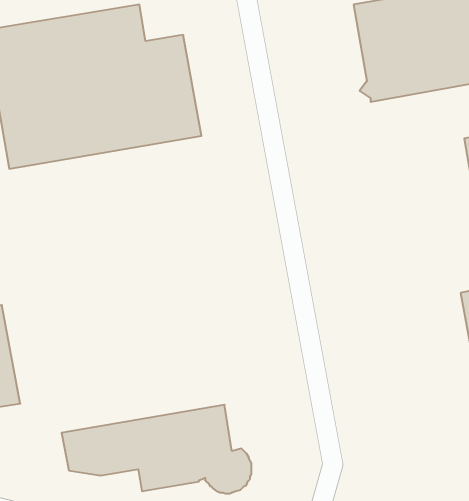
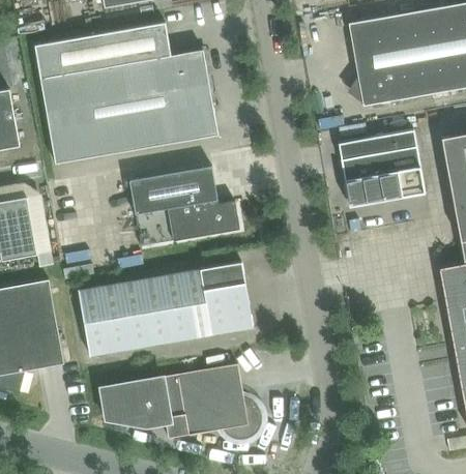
building: none -> [338,130,426,202]
building: none -> [128,166,239,246]
building: none -> [79,263,253,356]

